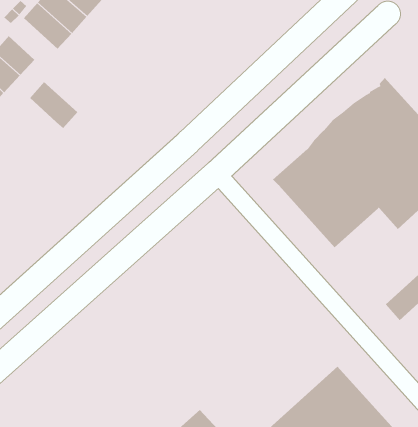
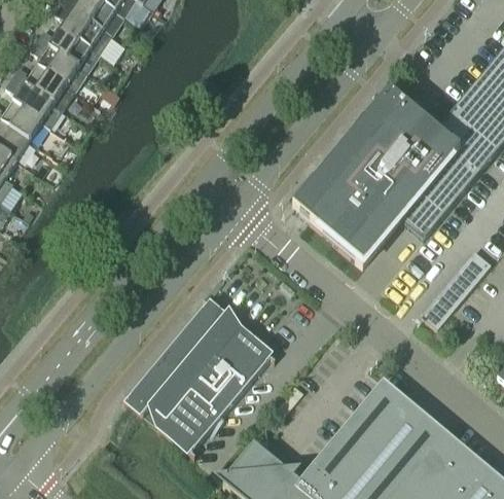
building: [29,81,78,129] -> [13,81,64,126]
building: none -> [122,297,276,455]

